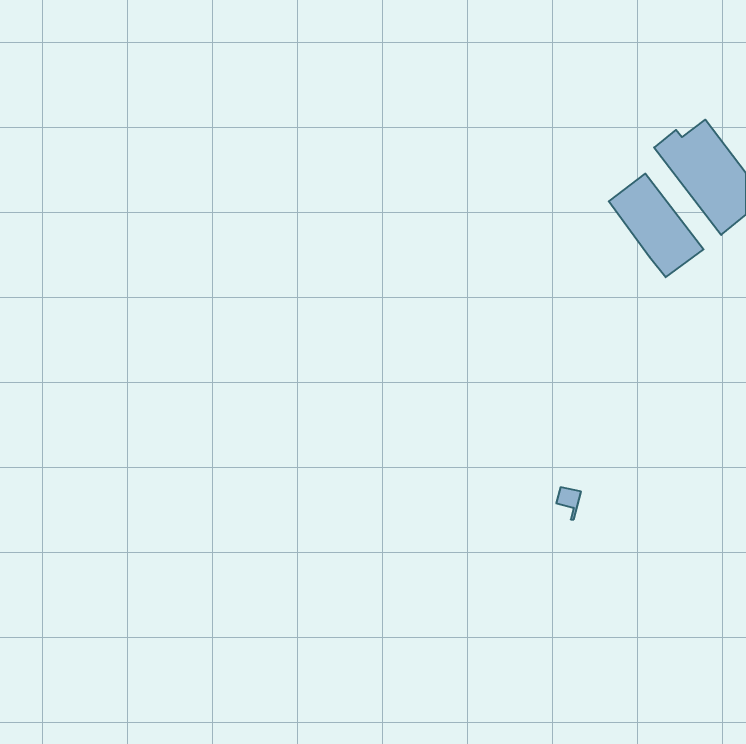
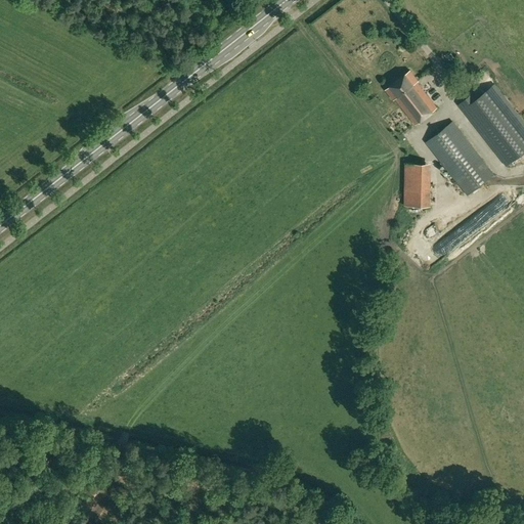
building: none -> [386,71,437,125]
building: none -> [405,164,431,207]

